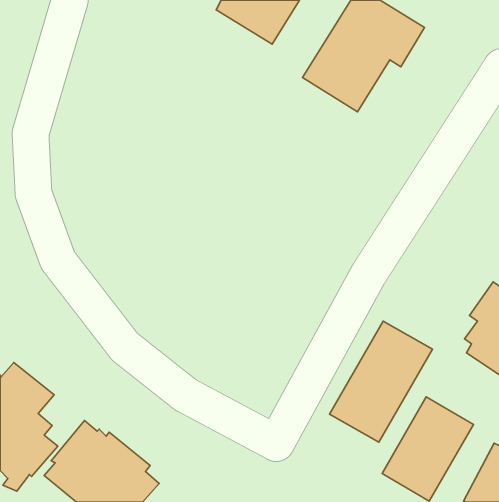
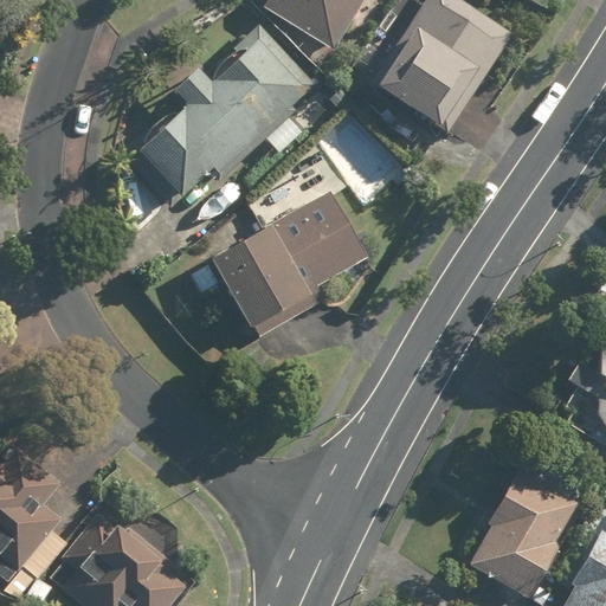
building: none -> [127,27,316,215]
building: none -> [188,198,363,331]
building: [329,321,432,442] -> none

